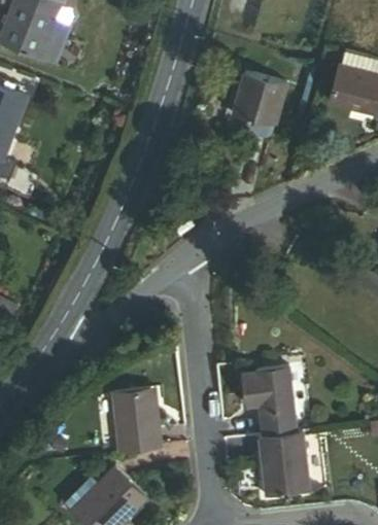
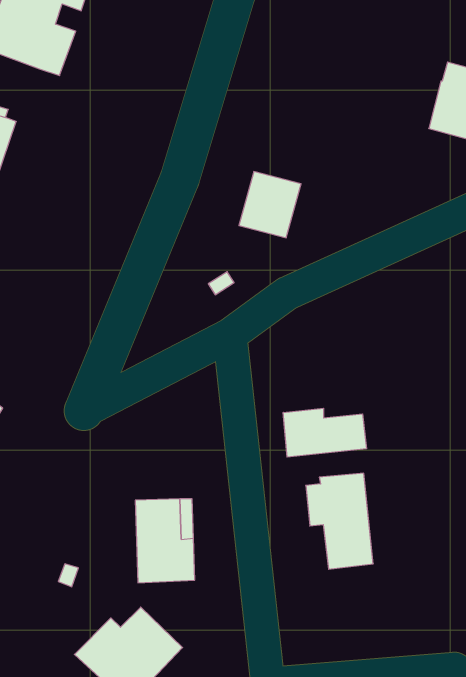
building: [241,76,288,127] -> [239,172,301,238]
building: none -> [283,408,366,457]
building: [255,434,309,499] -> none

